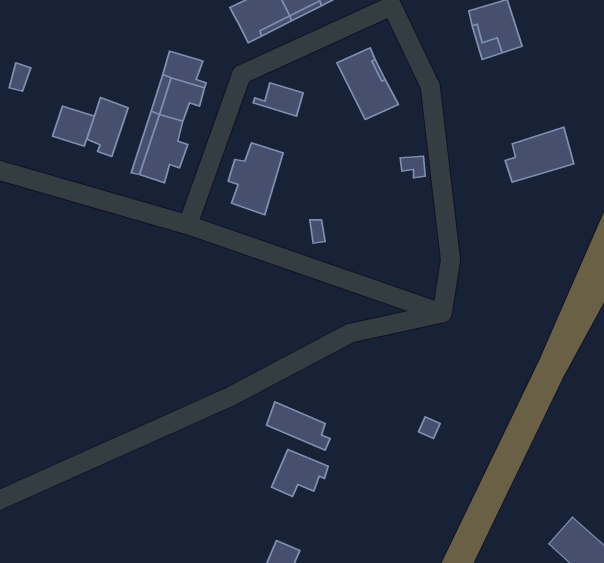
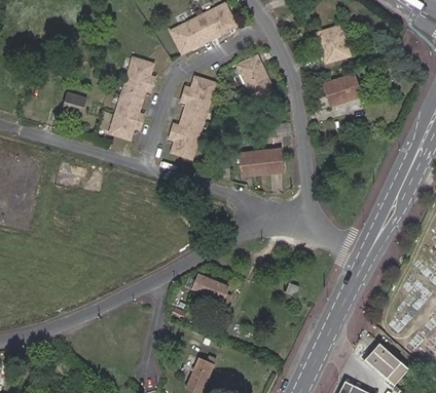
building: [87,97,128,156] -> none
building: none -> [180,89,211,120]
building: [505,127,574,182] -> [318,73,360,107]
building: none -> [238,148,283,176]
building: [272,449,328,497] -> none

